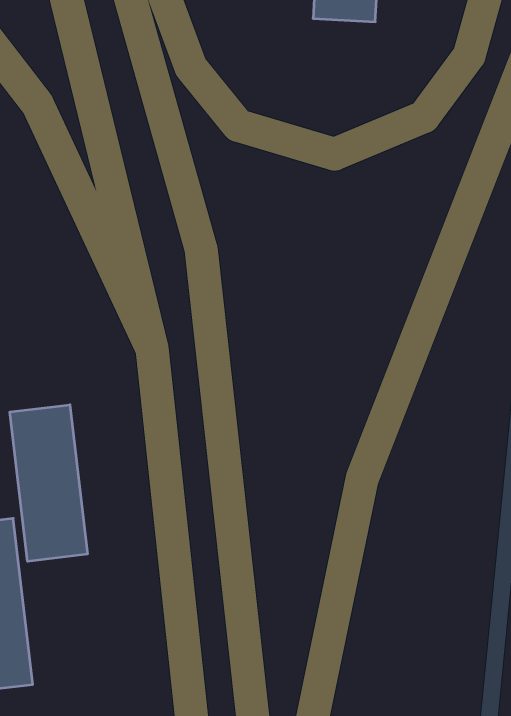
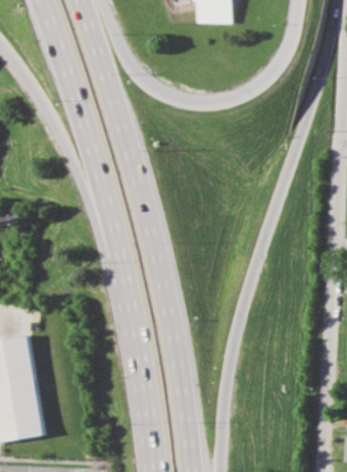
building: [10,405,87,561] -> none

